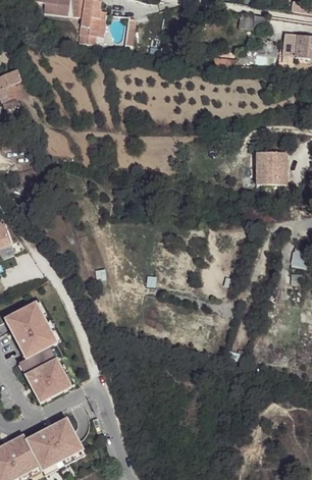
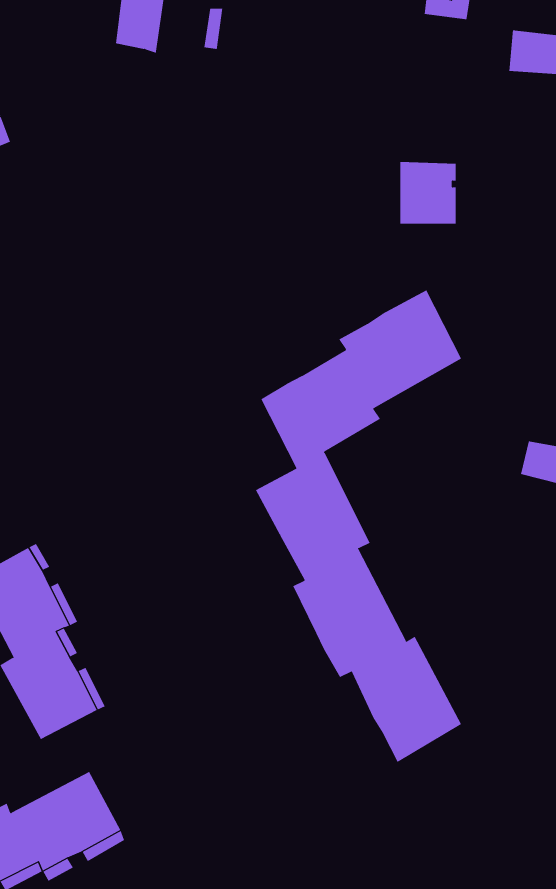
building: [256,151,285,183] -> [400,161,457,224]
building: none -> [255,289,462,763]

